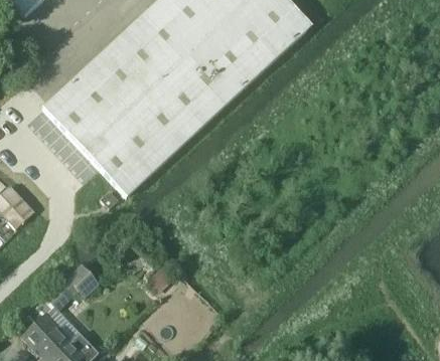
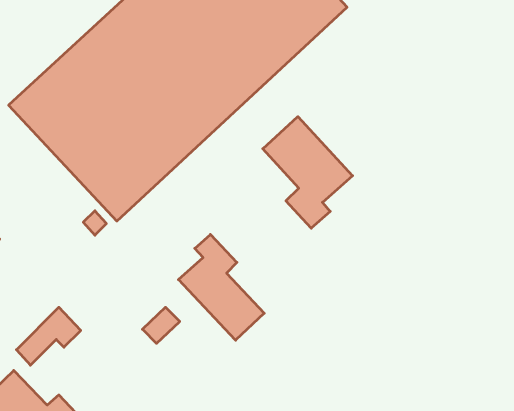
building: none -> [263,117,353,228]
building: none -> [178,234,264,340]

